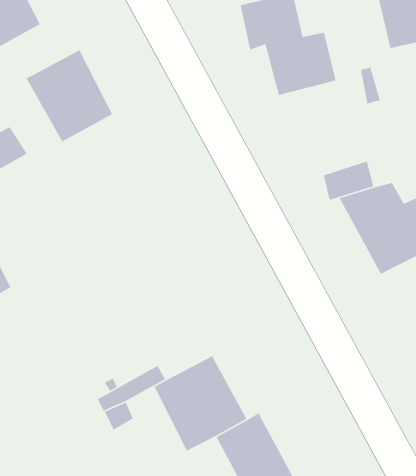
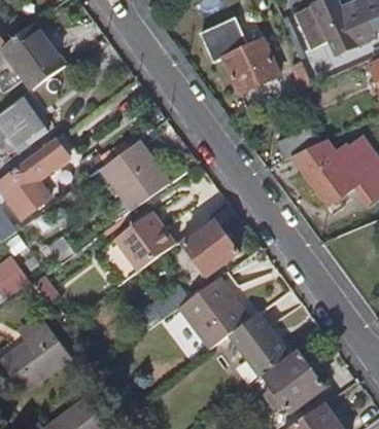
building: [26,49,113,143] -> [101,143,166,210]
building: none -> [114,212,175,271]
building: none -> [181,217,237,275]

